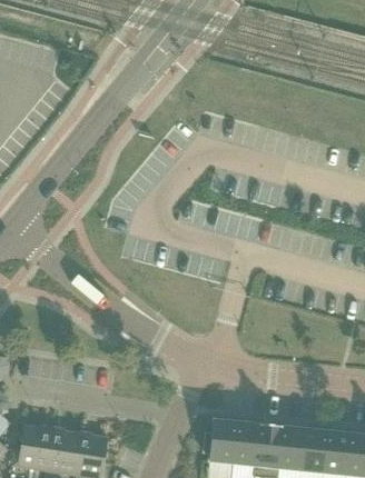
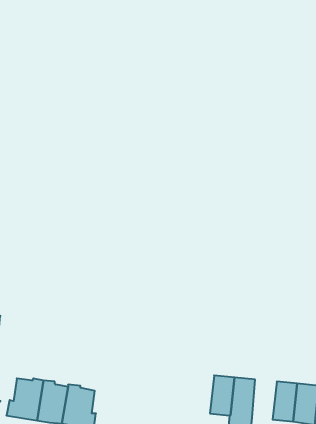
building: [206,419,237,464] -> none
building: [278,427,305,470] -> none

